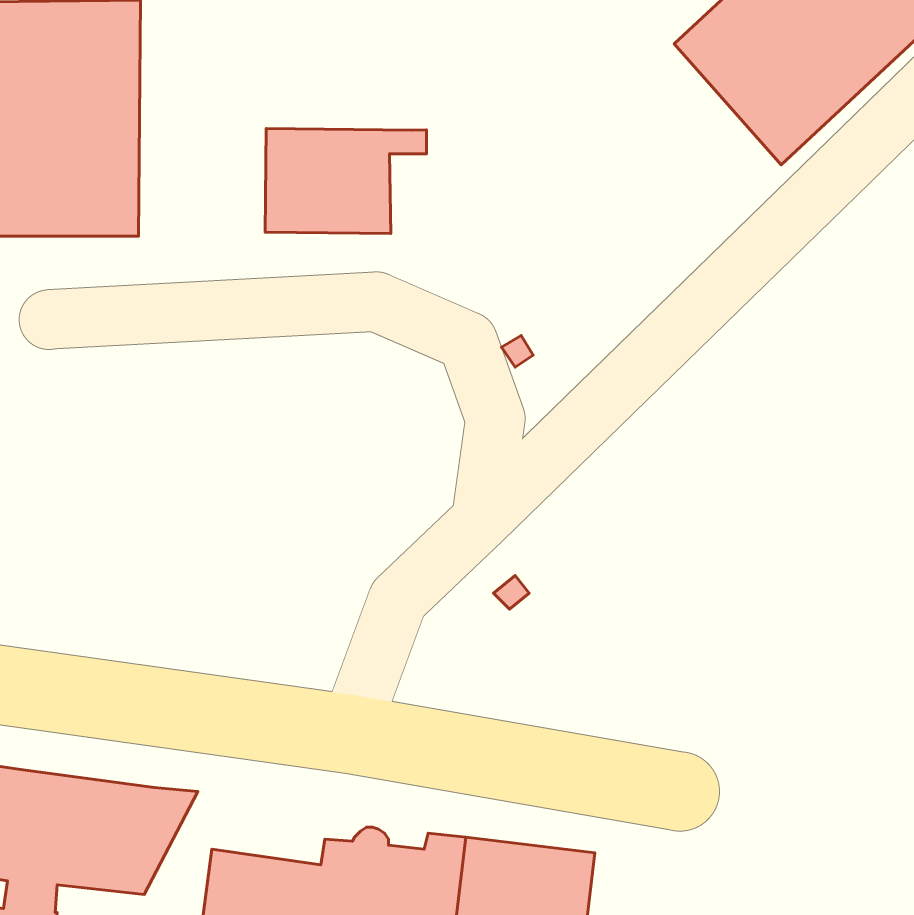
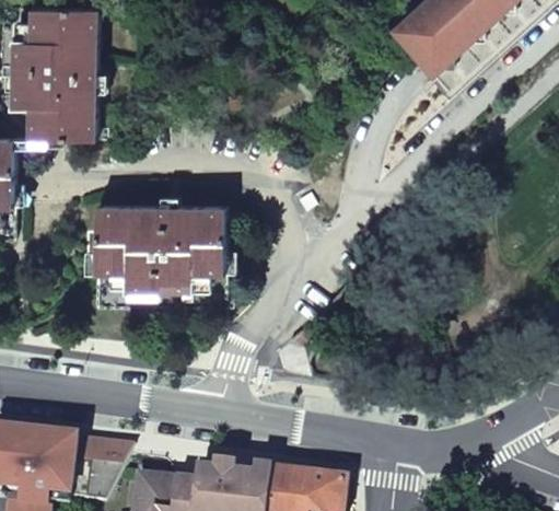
building: [265,128,427,234] -> none
building: none -> [82,198,223,301]

